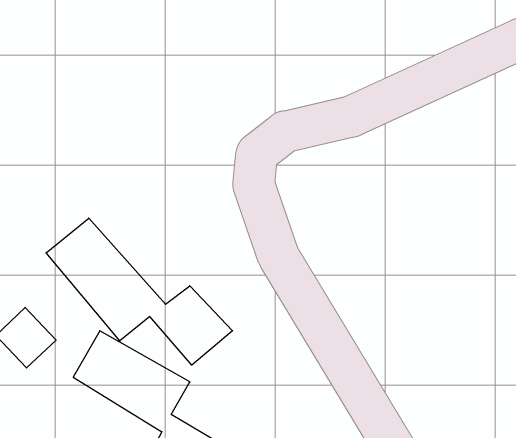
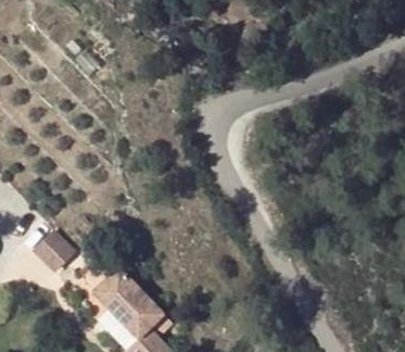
building: [46,218,233,365] -> none

